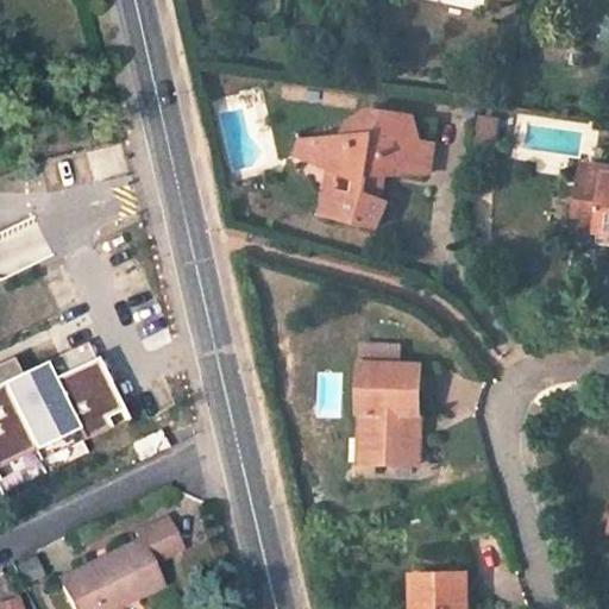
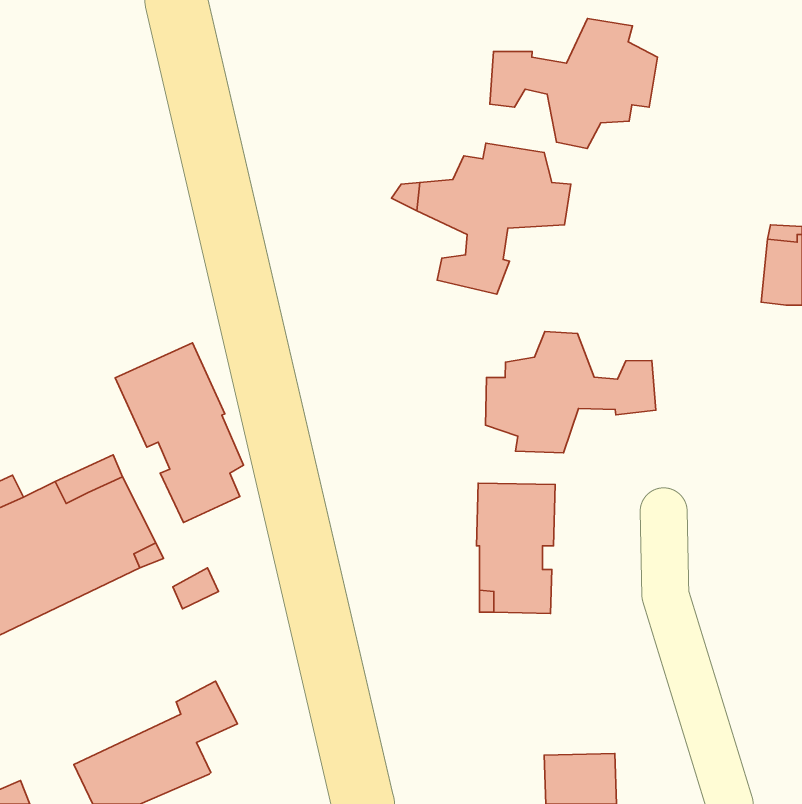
building: none -> [490,18,657,148]
building: none -> [485,332,656,453]
building: none -> [115,343,243,523]

